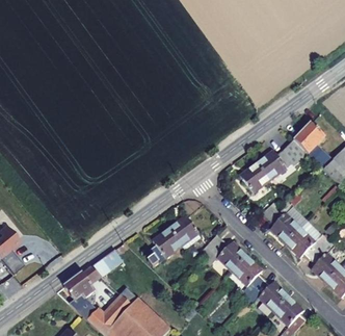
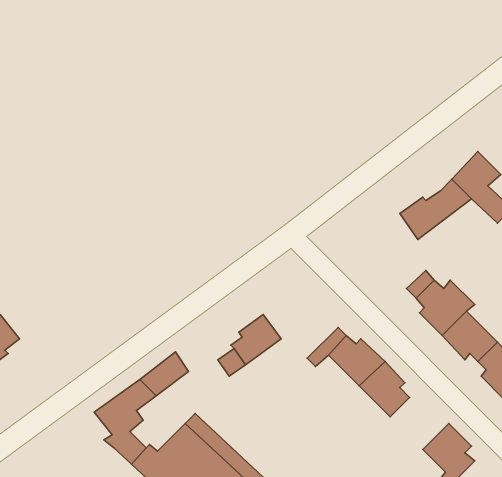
building: [241,162,270,191] -> none
building: [171,215,203,250] -> none
building: [253,280,290,313] -> none

